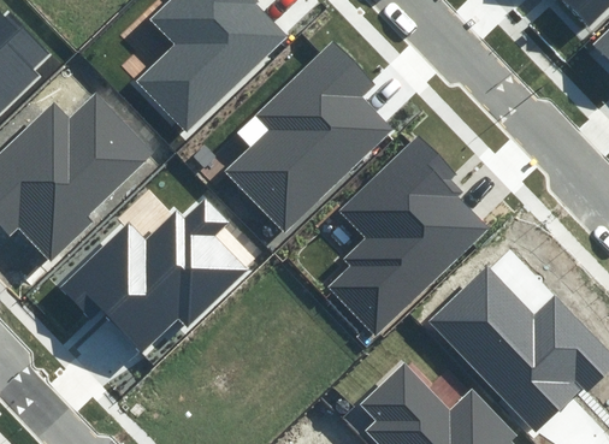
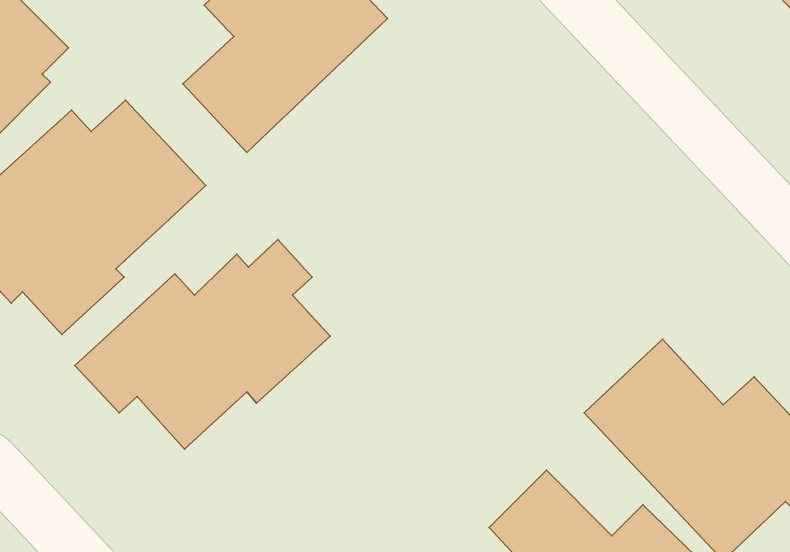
building: [224,40,388,233] -> none
building: [330,138,484,335] -> none

